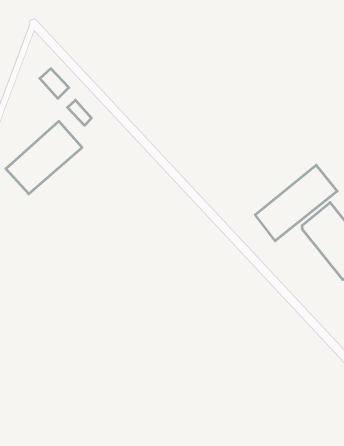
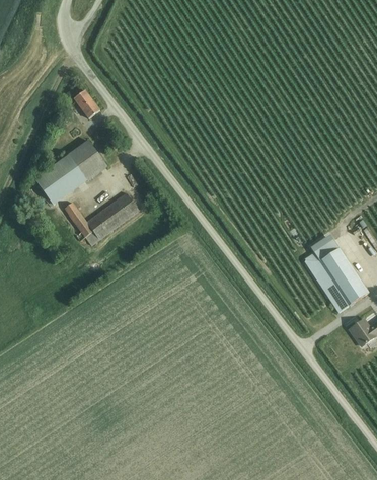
building: [255,165,337,241] -> none
building: none -> [65,192,139,245]

